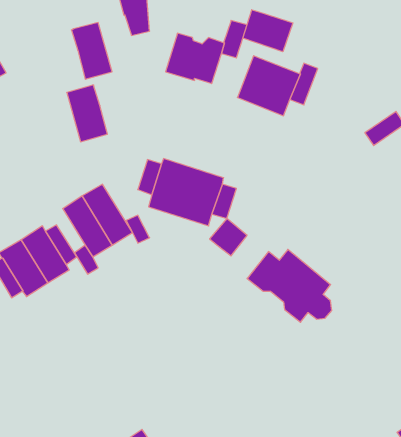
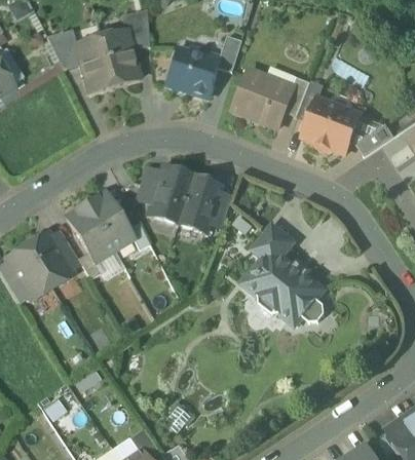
building: [243,10,293,52] -> none
building: none -> [46,29,80,69]
building: [67,85,107,142] -> [100,30,139,84]
building: none -> [302,98,360,152]
building: [210,218,247,256] -> [253,229,289,265]

